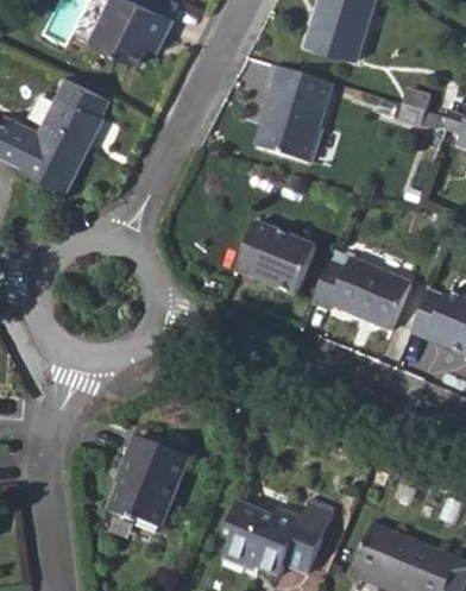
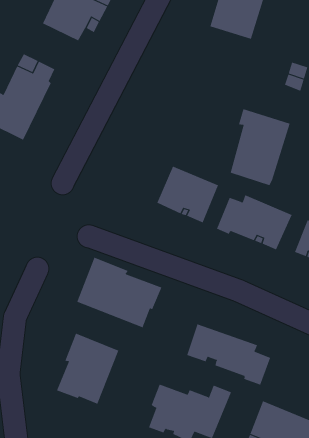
building: [257,64,334,163] -> [230,109,290,186]
building: none -> [77,257,162,328]
building: none -> [187,323,271,385]

